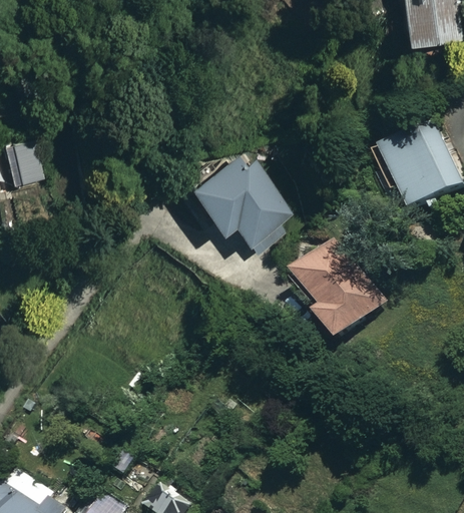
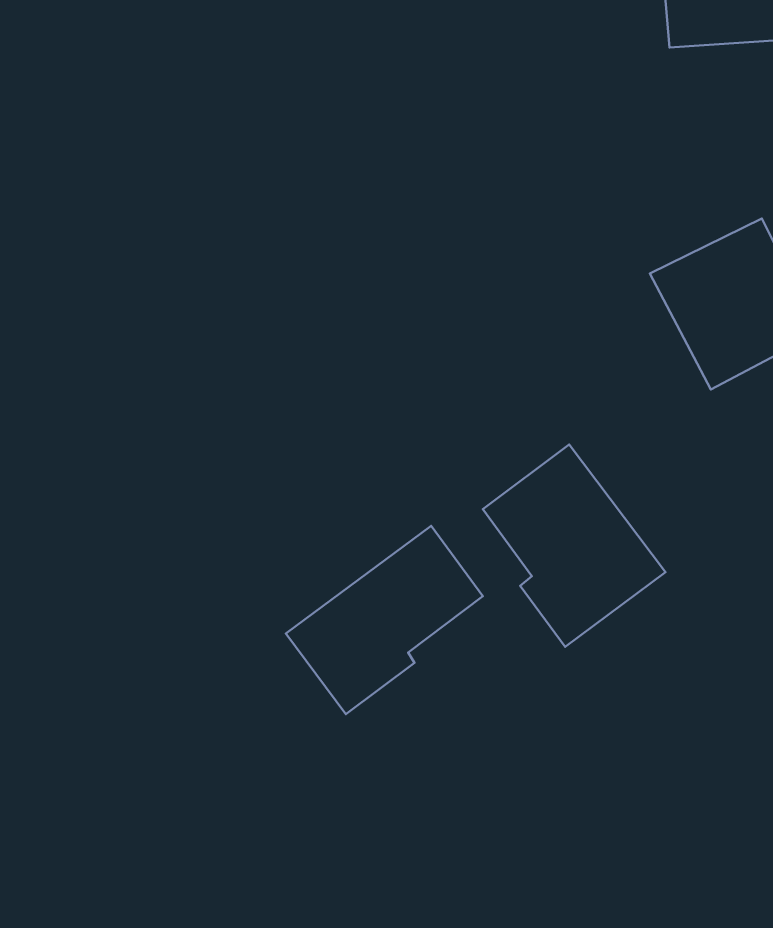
building: [180,153,289,256] -> none
building: none -> [286,526,483,714]

